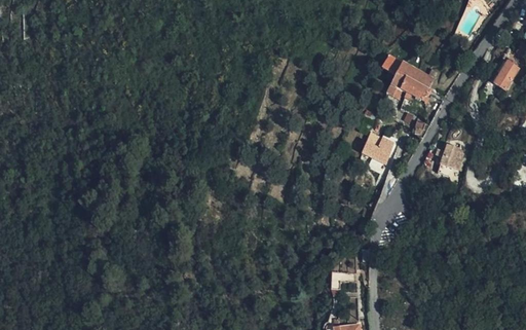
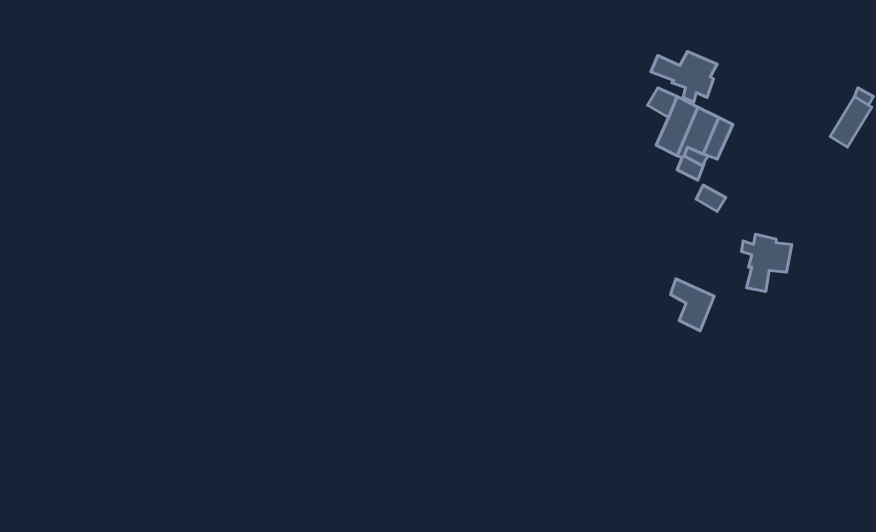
building: none -> [651,52,717,102]
building: [364,140,389,171] -> [671,279,714,331]

